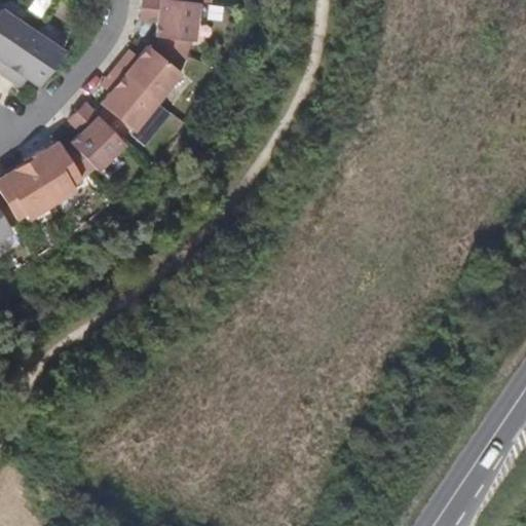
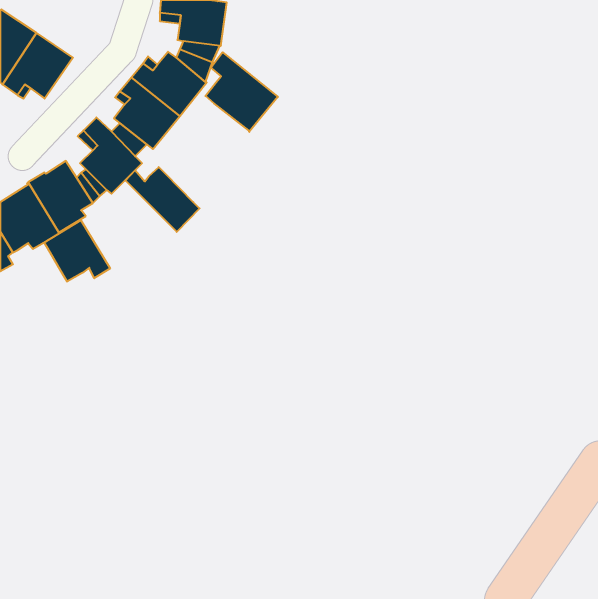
building: none -> [205,52,278,132]
building: none -> [125,167,200,232]
building: none -> [44,220,110,282]

